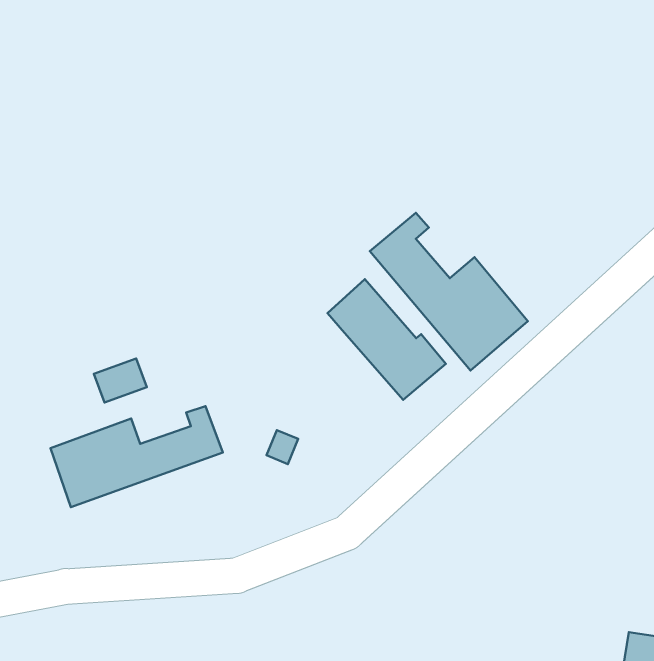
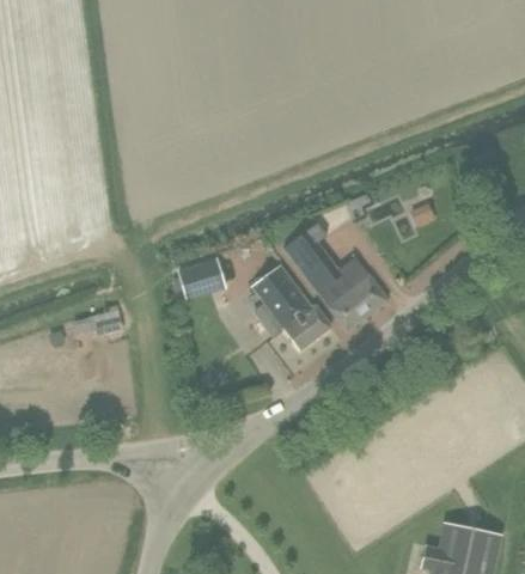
building: none -> [178,256,226,299]
building: [50,406,223,507] -> none

